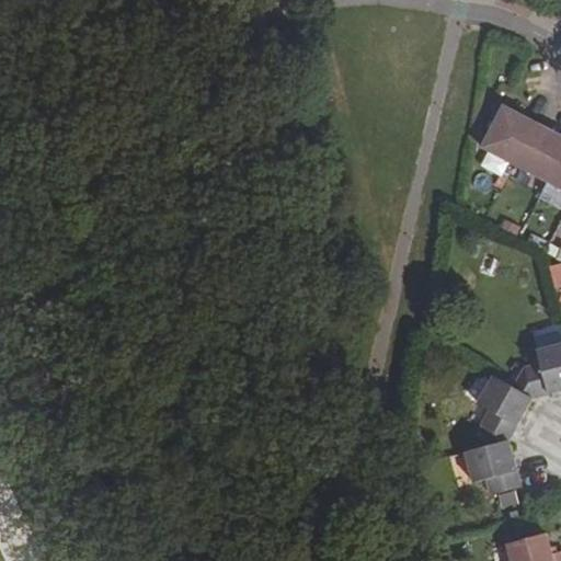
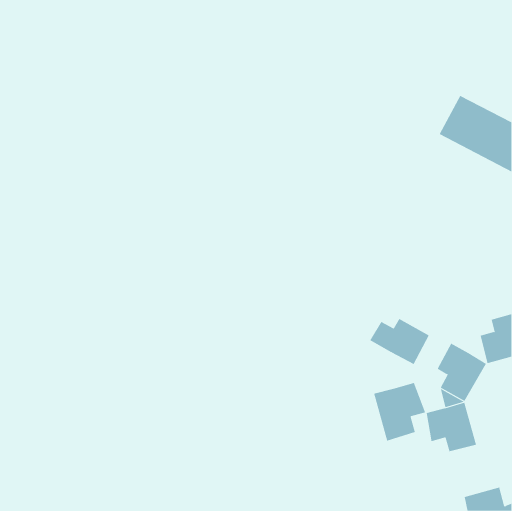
building: none -> [370,318,429,365]
building: none -> [373,382,426,441]

